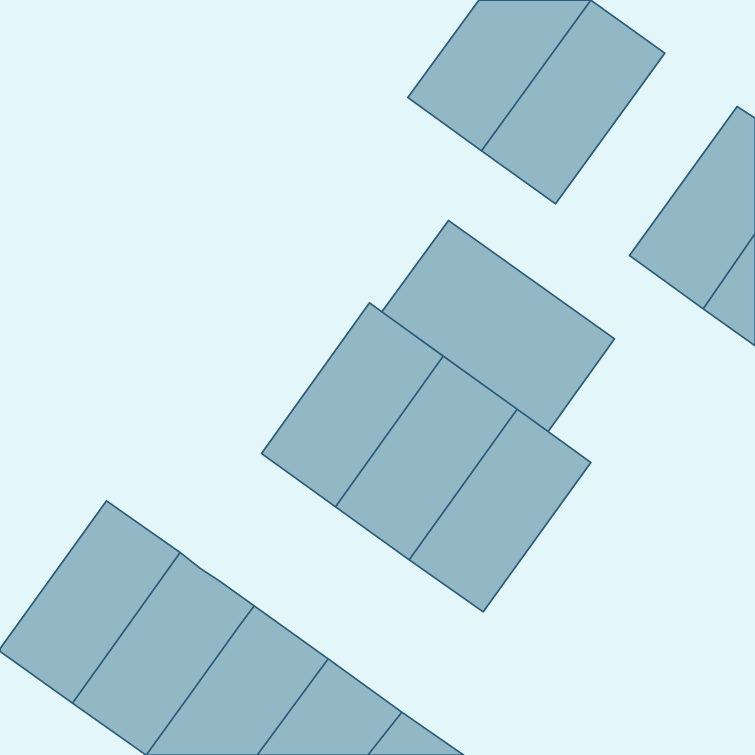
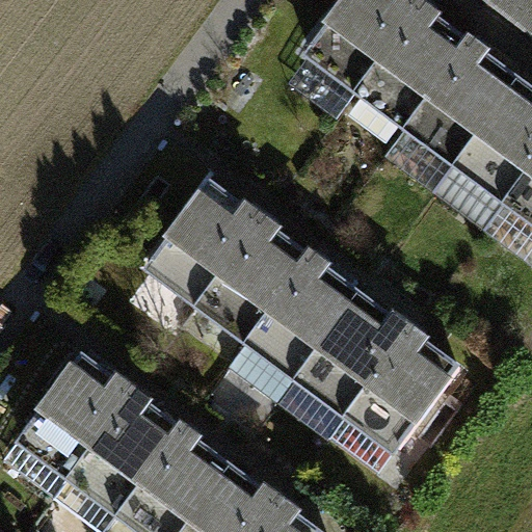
building: none -> [391,37,518,180]
building: [382,221,615,432] -> none
building: none -> [132,177,260,319]
building: none -> [340,325,468,468]

